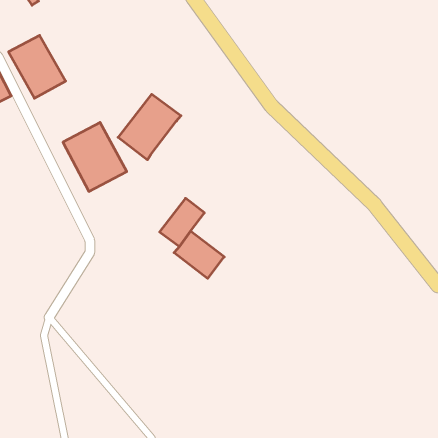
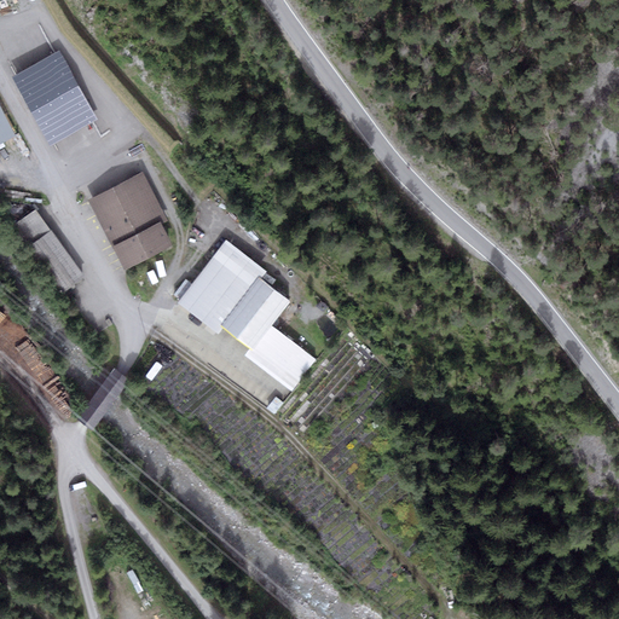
building: [118,94,181,160] -> [178,241,266,332]
building: none -> [11,208,85,294]

